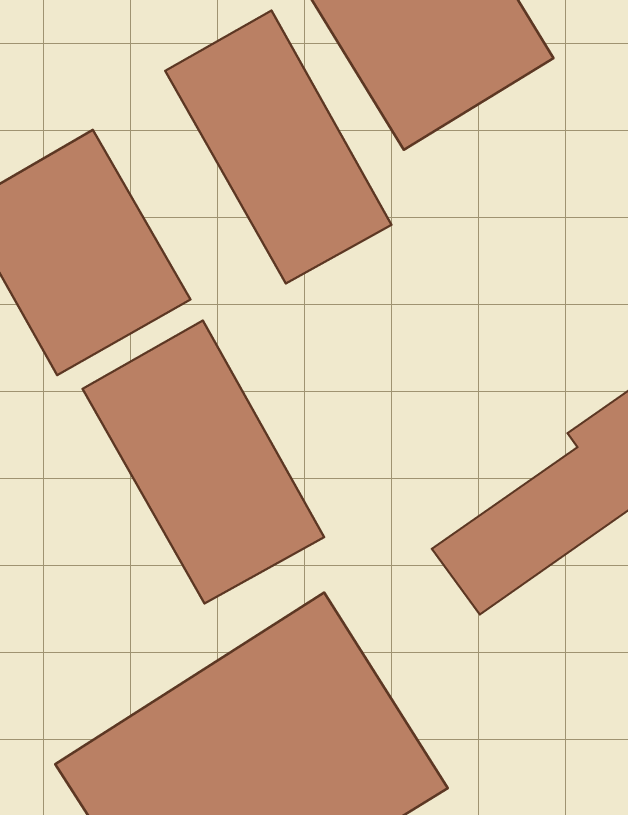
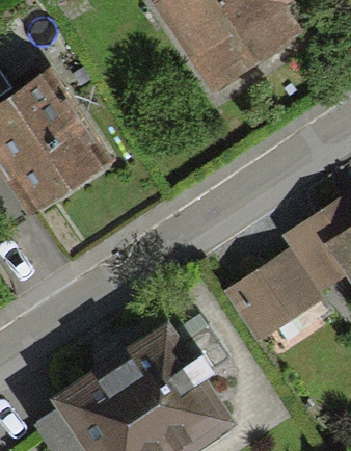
building: [165,11,392,283] -> none
building: [83,320,324,603] -> none

